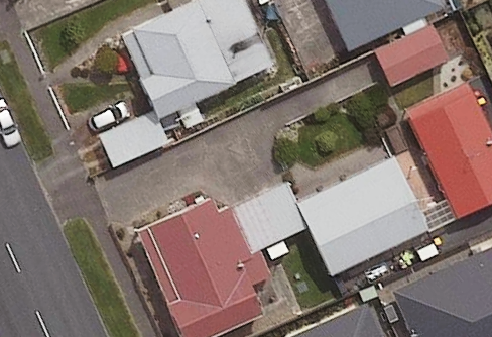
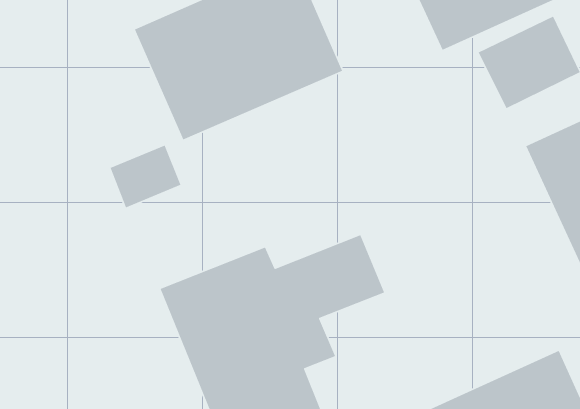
building: [299,148,425,275] -> none

